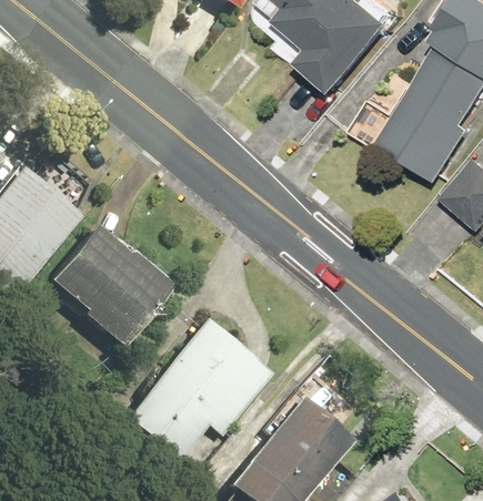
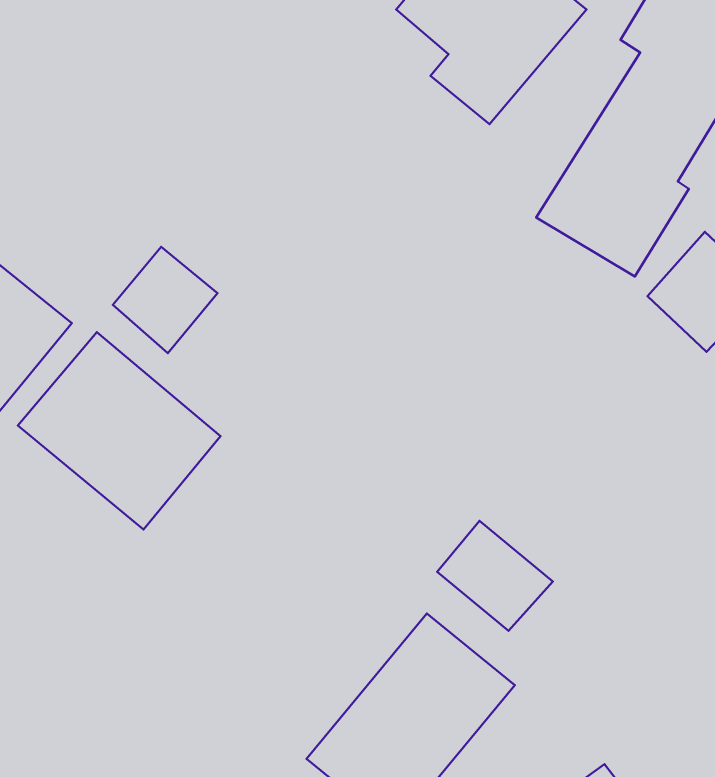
building: none -> [113,247,217,353]
building: [123,315,278,461] -> none
building: none -> [437,521,553,631]

